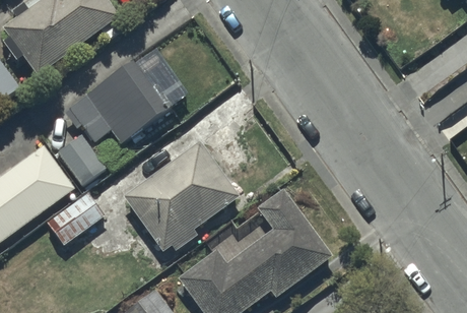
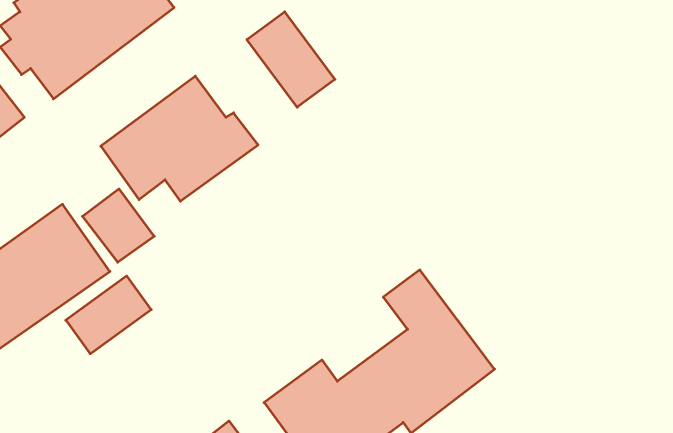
building: none -> [247,12,335,107]
building: [124,140,240,250] -> none

